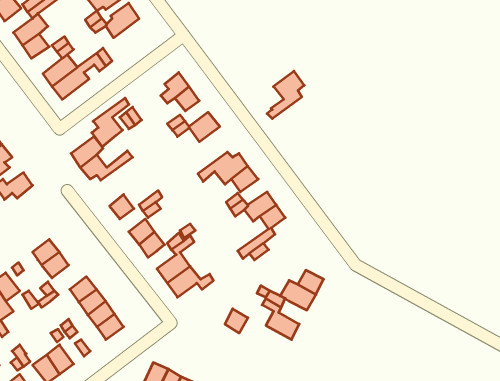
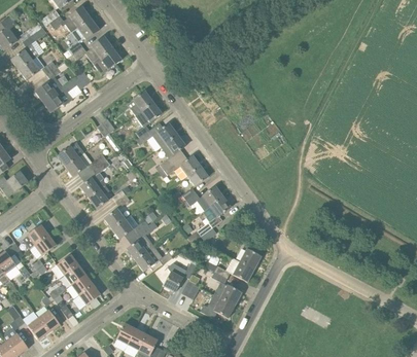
building: none -> [92,47,121,75]
building: [267,71,304,119] -> [155,134,185,172]
building: [92,98,129,147] -> [80,158,110,198]
building: none -> [163,262,196,291]
building: none -> [200,293,235,318]

